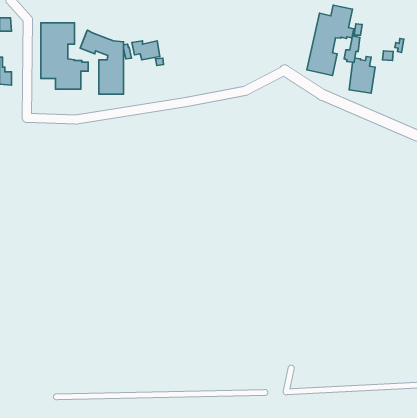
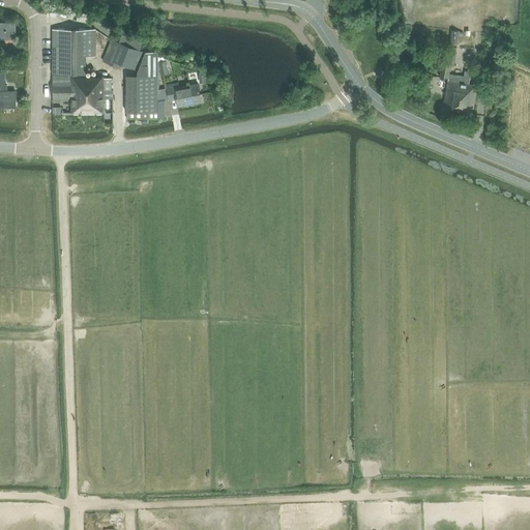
building: [307,5,354,75] -> none
building: [132,41,160,60] -> [165,83,200,107]

